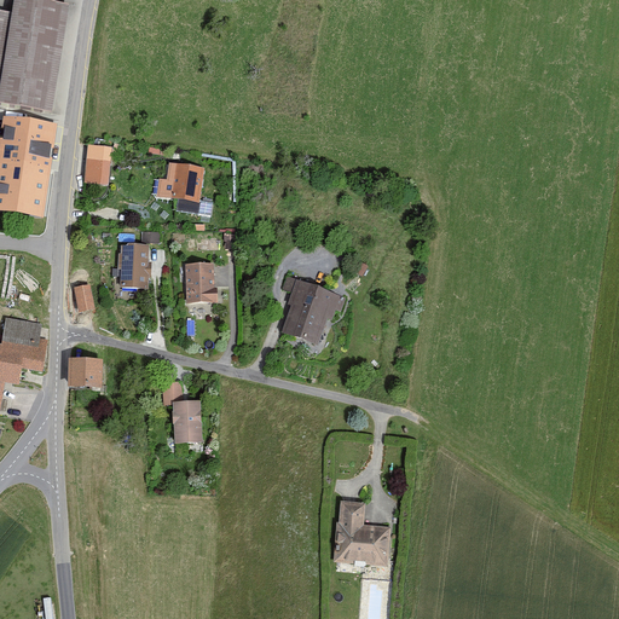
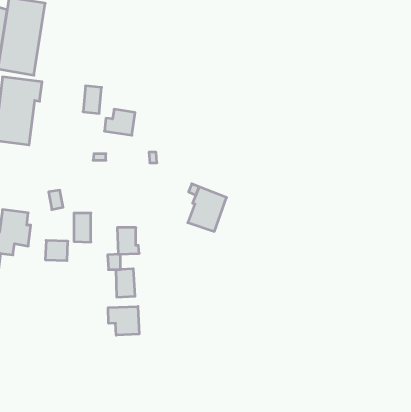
building: [81,143,109,184] -> [83,86,102,113]
building: [121,244,146,288] -> [74,213,91,242]
building: [185,264,218,303] -> [117,228,139,254]
building: none -> [108,306,139,335]
building: [335,496,389,561] -> none

